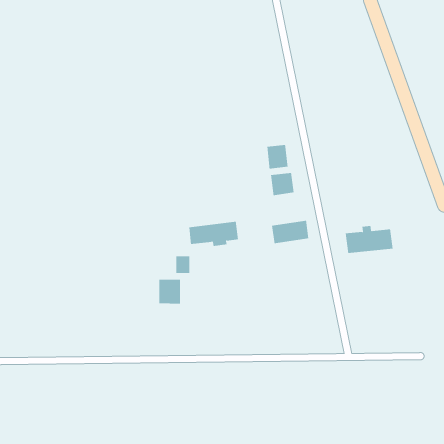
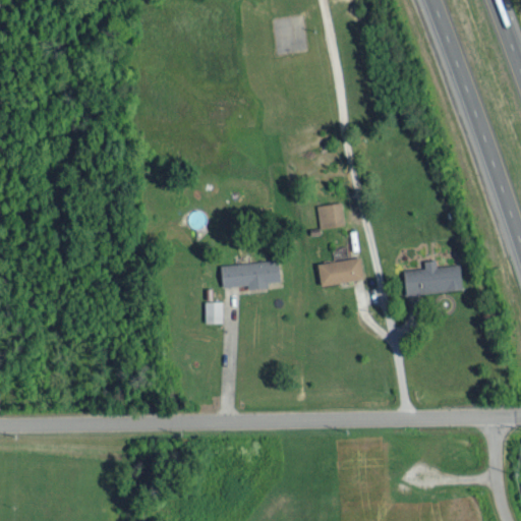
building: [267,144,288,170] -> none
building: [159,279,181,305] -> none

